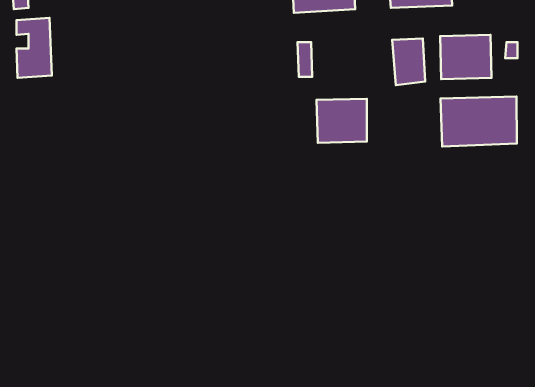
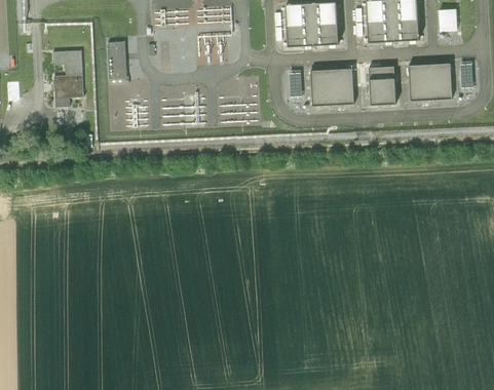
building: none -> [107,42,125,79]
building: [440,96,517,147] -> none
building: [317,99,367,143] -> [310,67,352,104]

